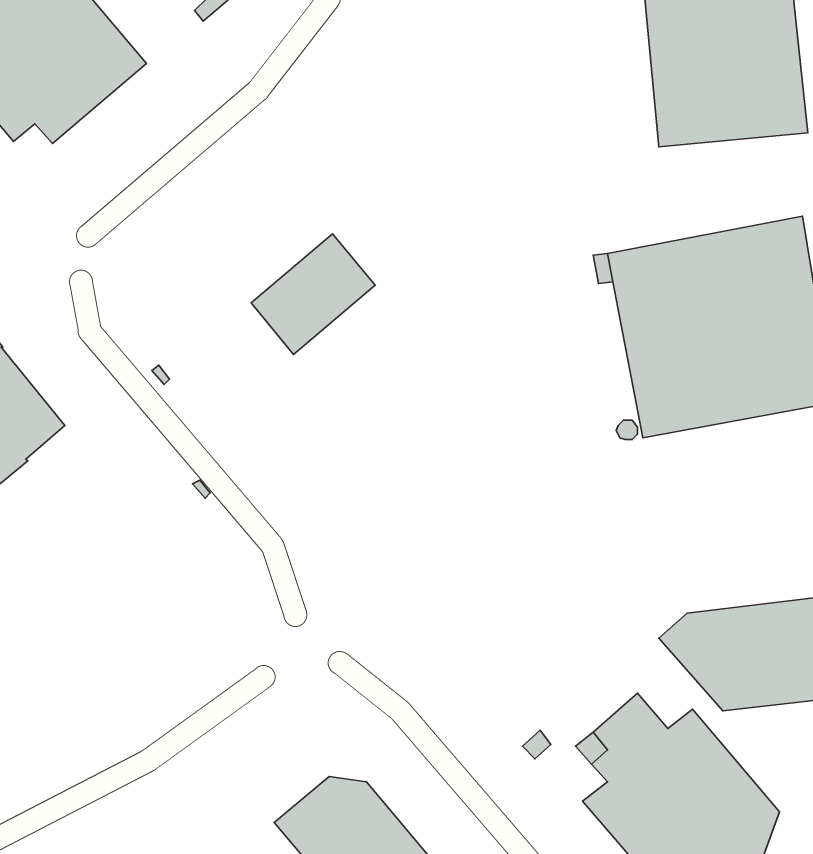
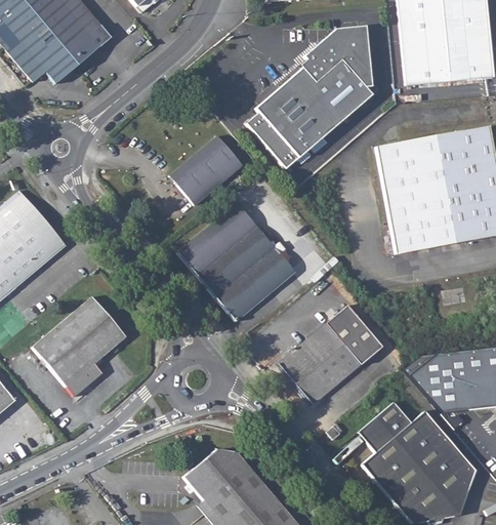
building: none -> [245,26,371,169]
building: none -> [178,203,295,321]
building: none -> [33,296,126,396]
building: none -> [279,306,381,404]

